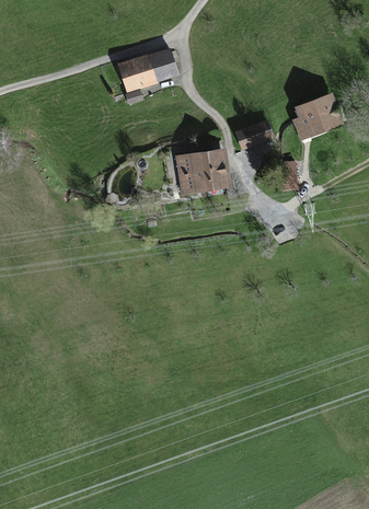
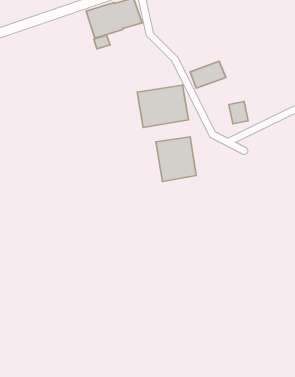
building: [292,91,345,140] -> none
building: none -> [156,137,196,182]

